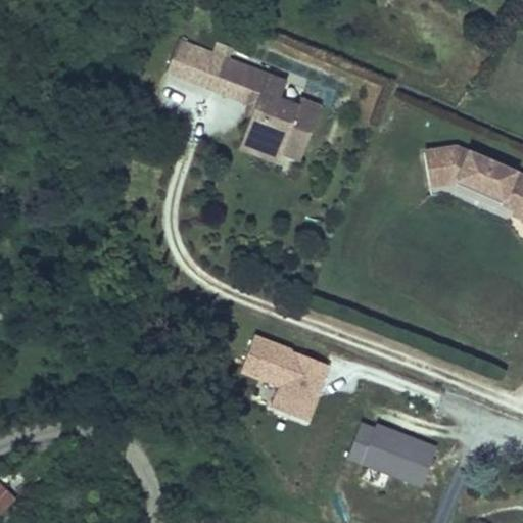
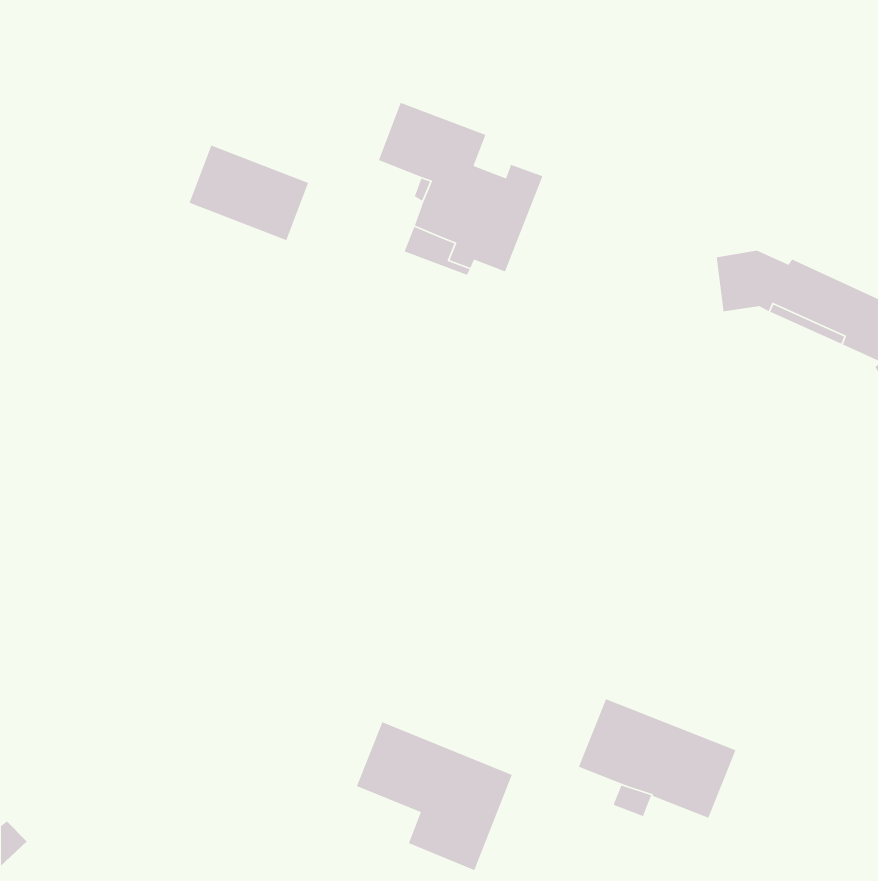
building: [168,38,239,95] -> [188,145,309,241]
building: [238,330,331,419] -> [356,721,513,871]

